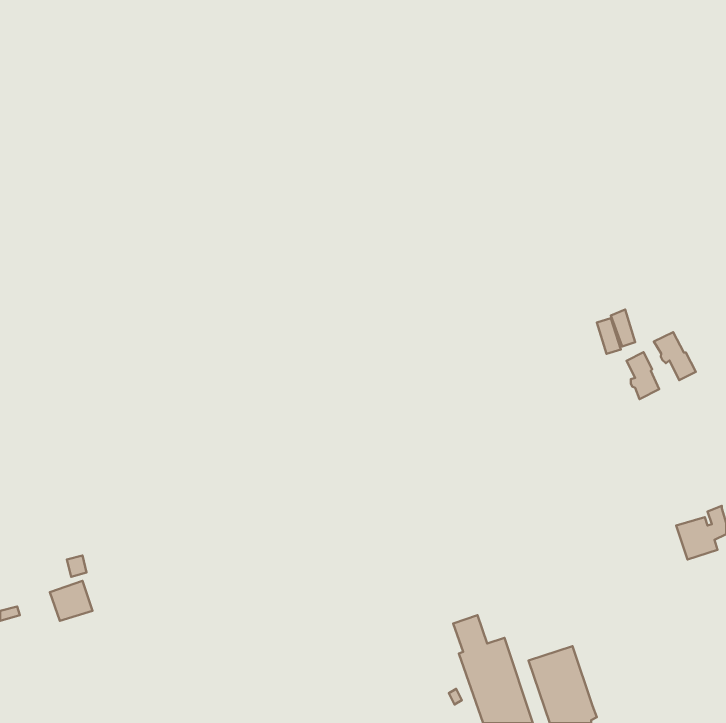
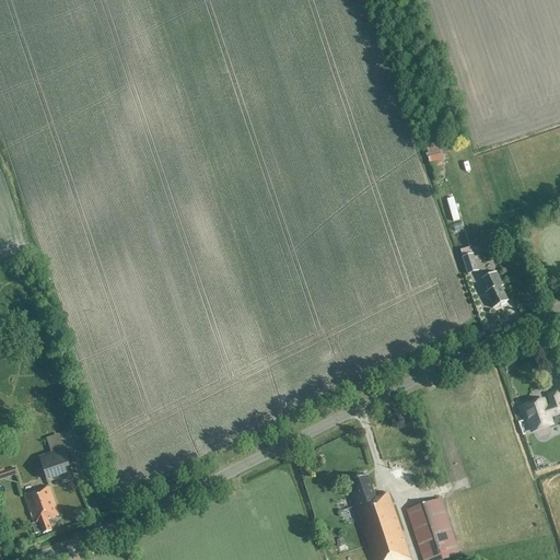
building: [654,332,696,380] -> none
building: none -> [24,485,59,532]

